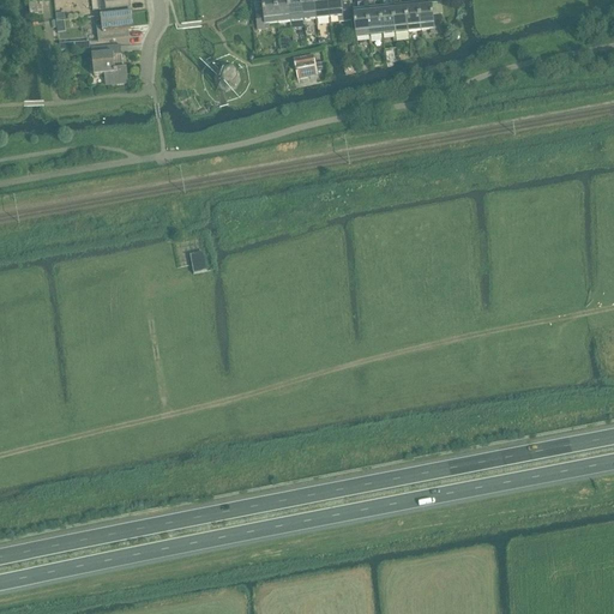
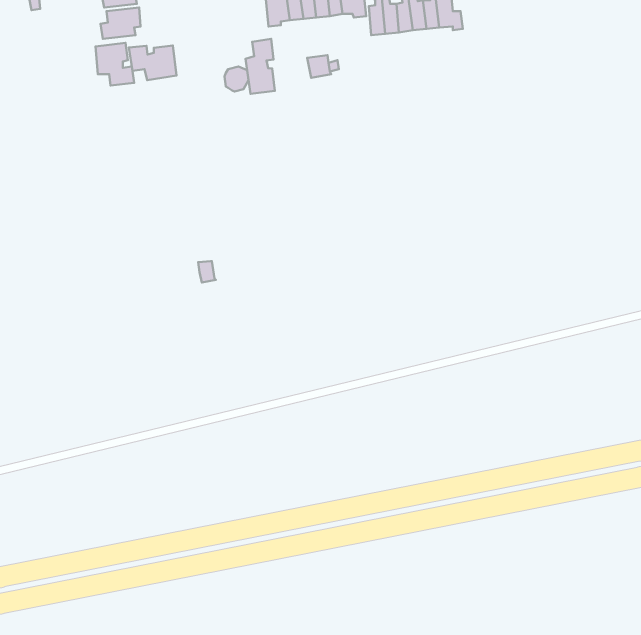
building: none -> [245,39,275,94]
building: none -> [129,46,176,80]

